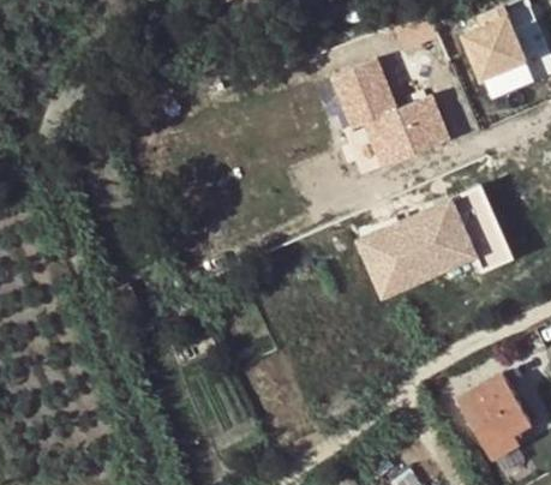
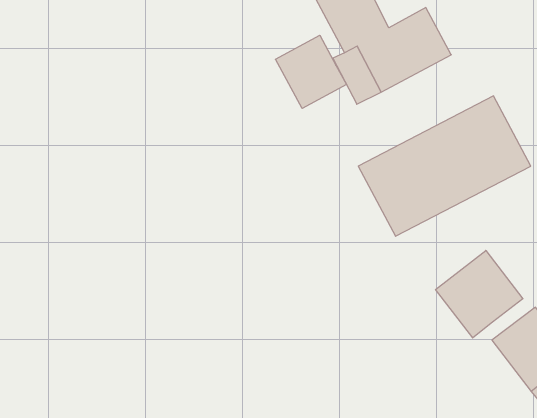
building: none -> [275,35,347,108]
building: none -> [436,250,523,338]

